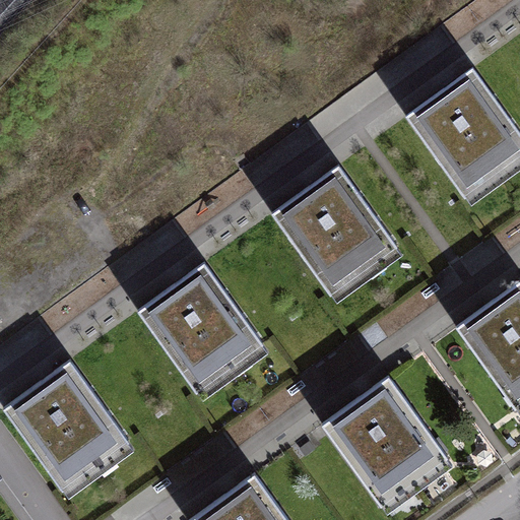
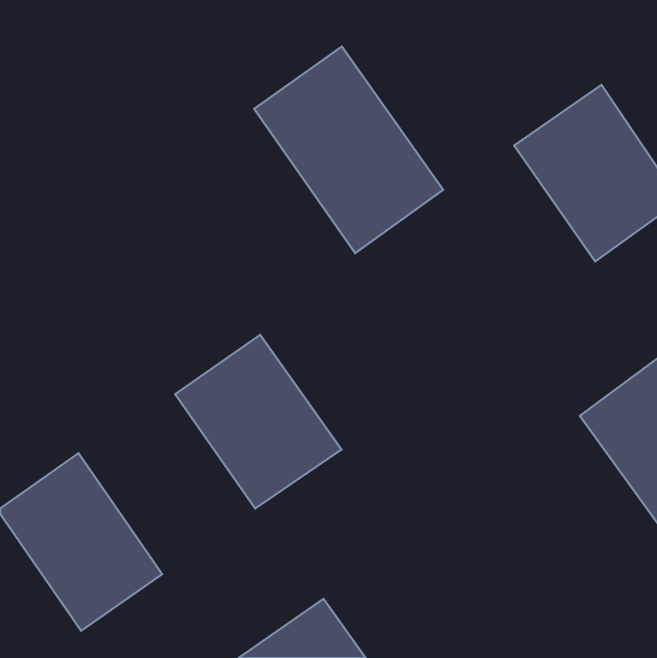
building: none -> [254,47,443,253]
building: [273,166,404,304] -> none
building: [325,376,454,510] -> none

